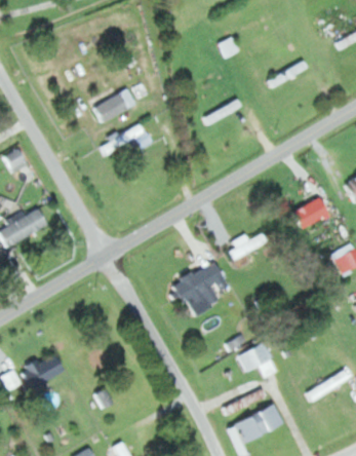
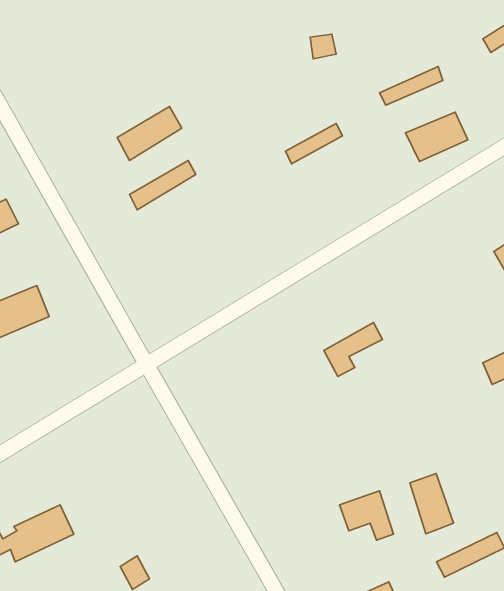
building: none -> [405,112,468,162]
building: [291,197,327,228] -> none
building: [169,261,225,313] -> none
building: none -> [410,474,453,534]

